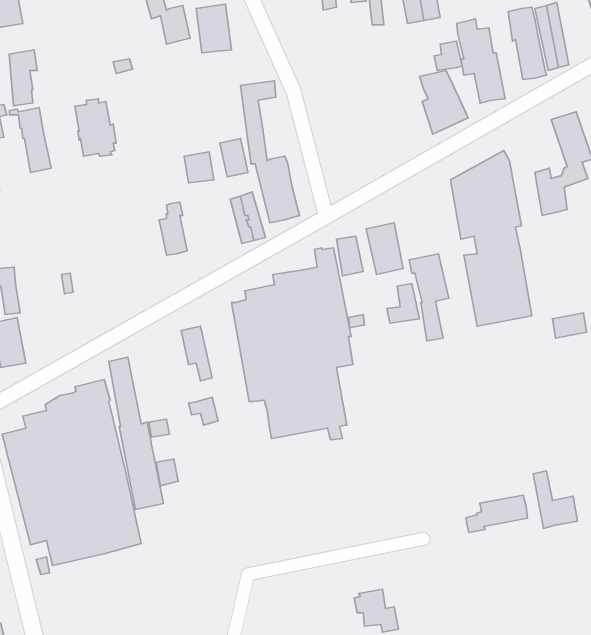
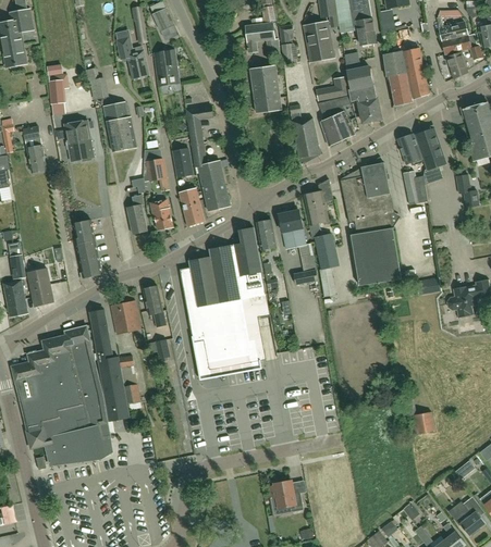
building: none -> [249,65,281,112]
building: [9,50,37,106] -> [48,73,69,114]
building: none -> [103,102,137,151]
building: none -> [289,104,319,158]
building: none -> [397,134,422,164]
building: none -> [304,179,332,224]
building: none -> [152,200,173,231]
building: none -> [73,219,101,277]
building: none -> [27,269,53,306]
building: none -> [111,301,142,334]
building: [466,495,527,532] -> none

